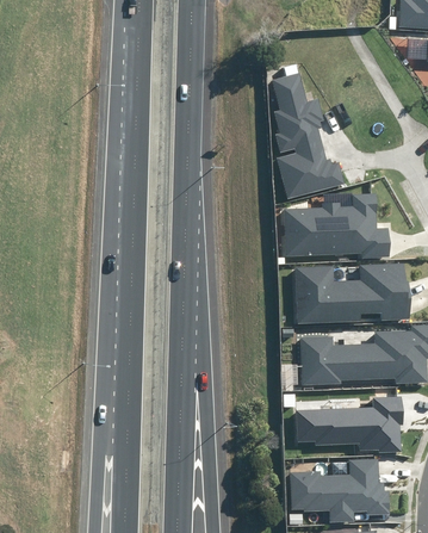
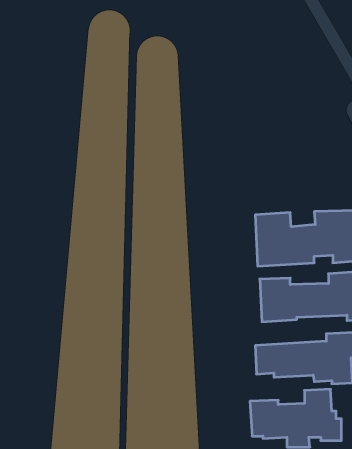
building: [272,73,343,199] -> none
building: [284,194,387,258] -> none

